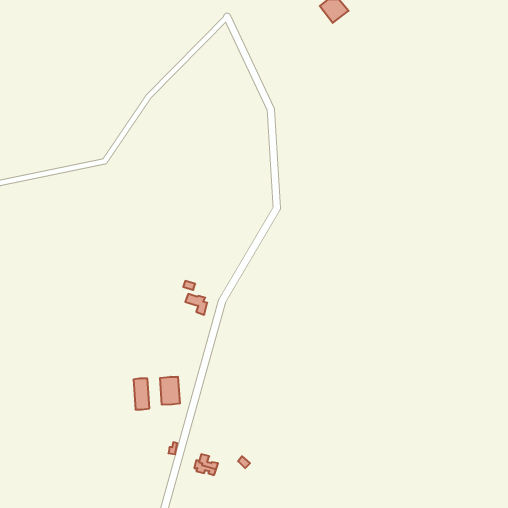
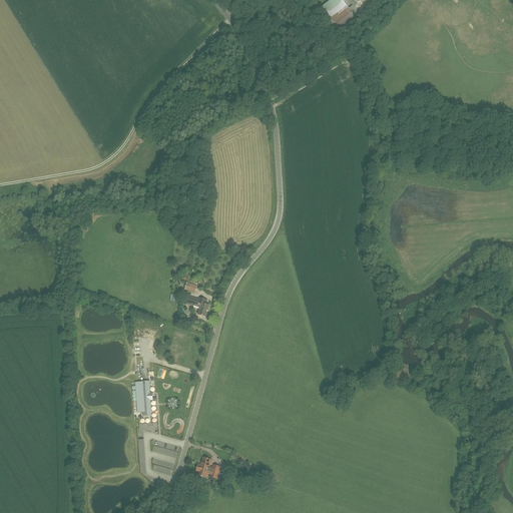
building: [160,377,180,405] -> none

